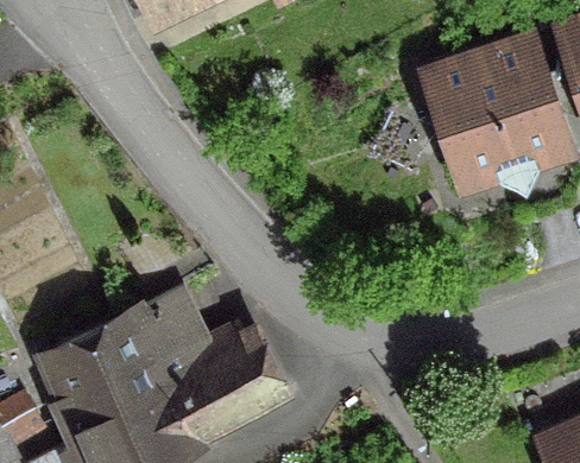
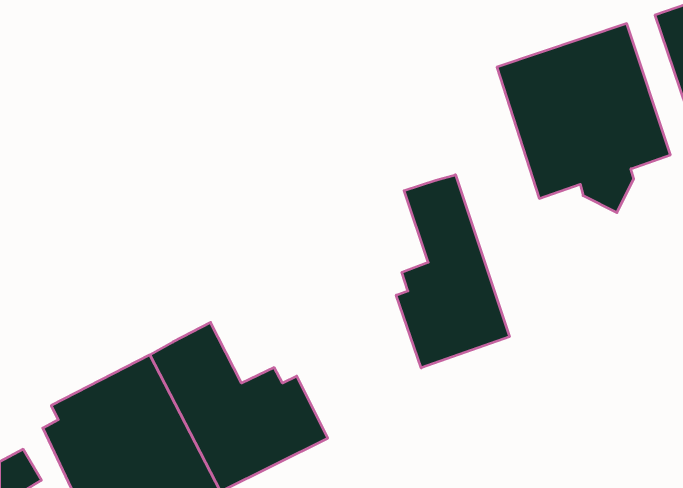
building: none -> [396,175,509,368]

